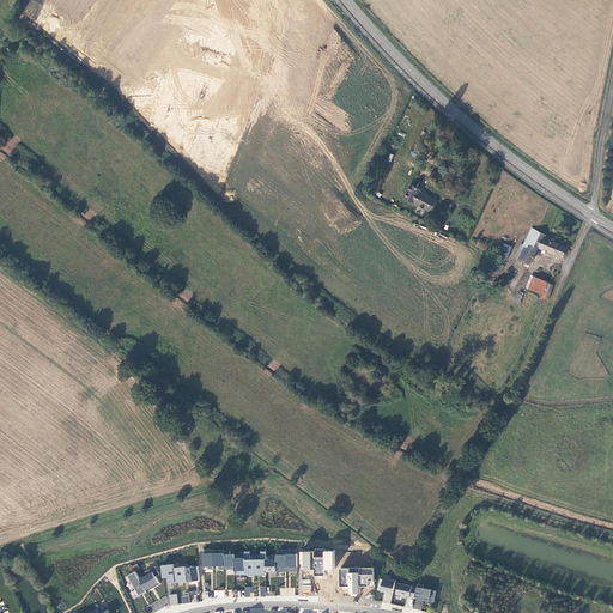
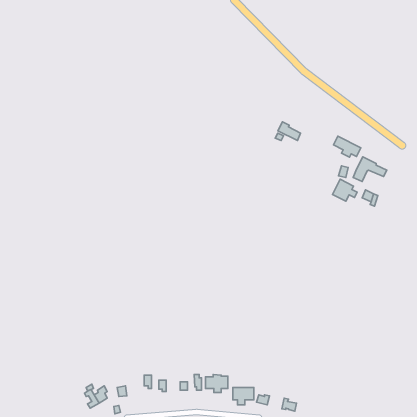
building: none -> [333,136,361,157]
building: none -> [332,179,357,201]

